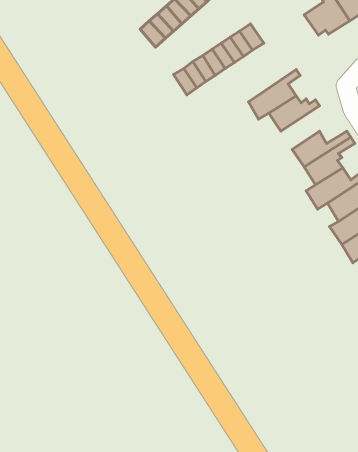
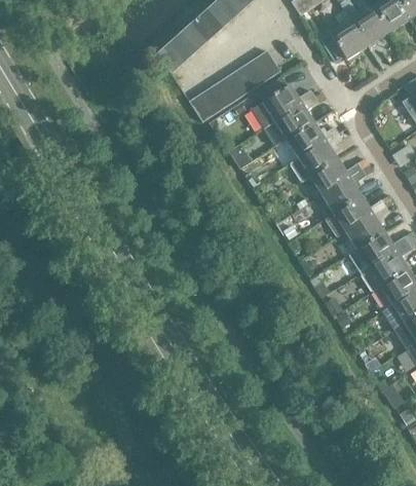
building: none -> [253,85,313,128]
building: none -> [298,133,341,177]

